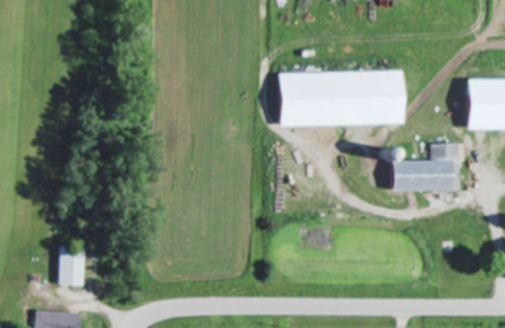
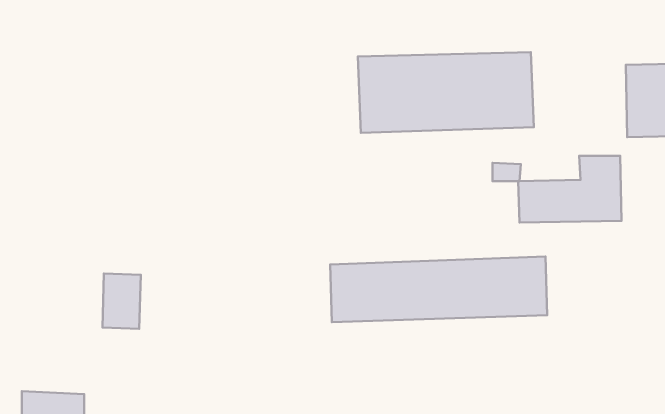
building: none -> [330,256,547,322]
building: [61,245,88,284] -> [102,274,141,329]

